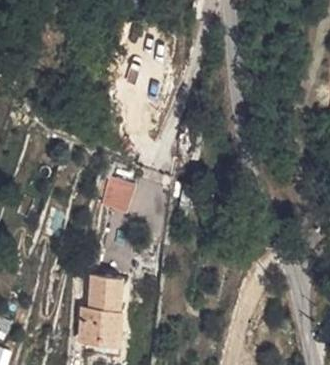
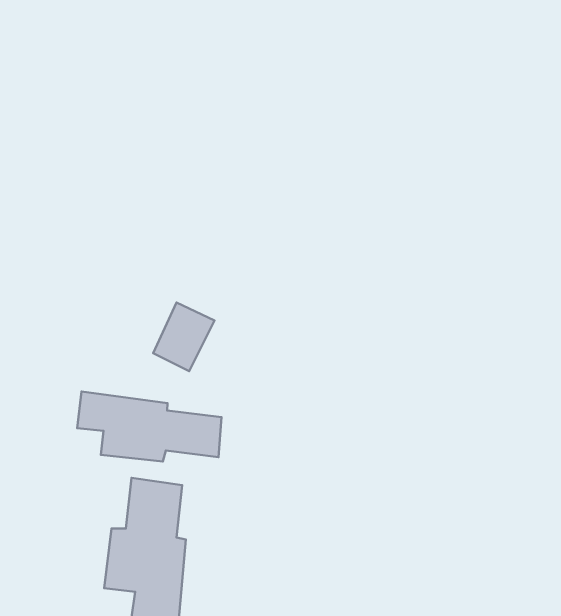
building: none -> [77,392,222,462]

